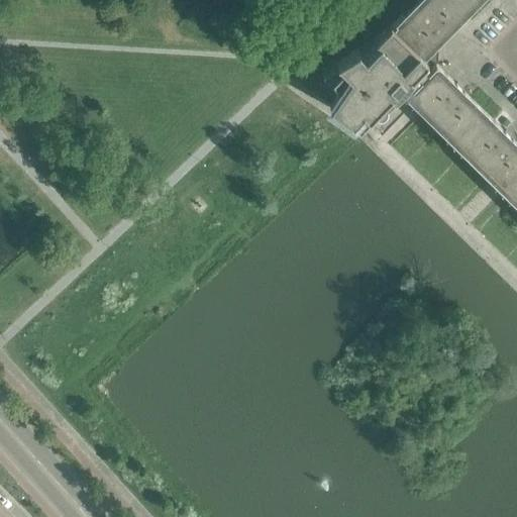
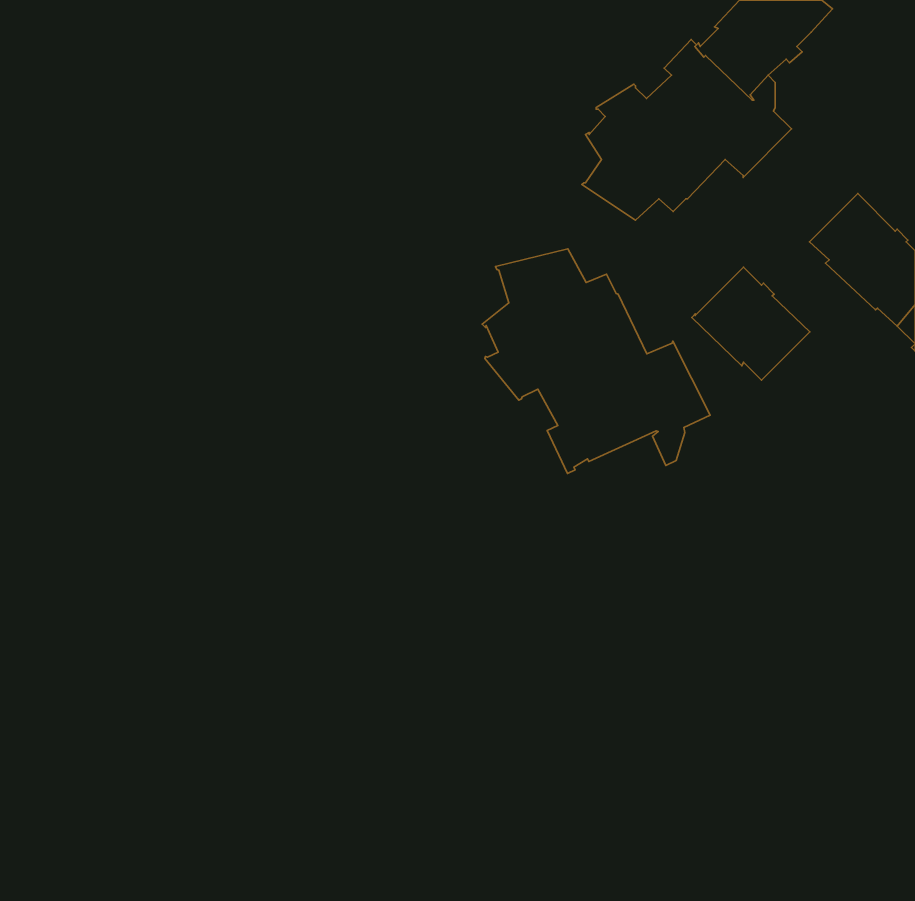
building: [417,81,484,144] -> [692,267,810,380]
building: none -> [482,249,710,474]

